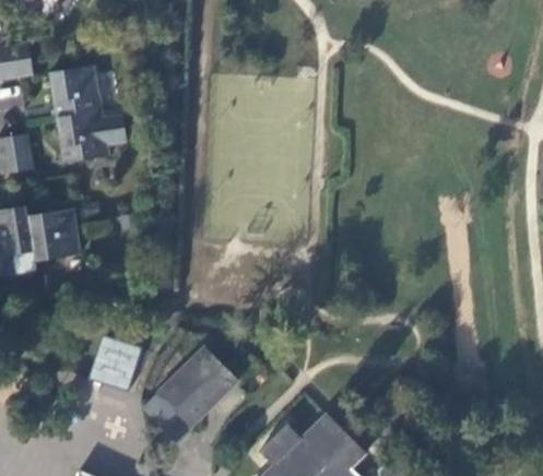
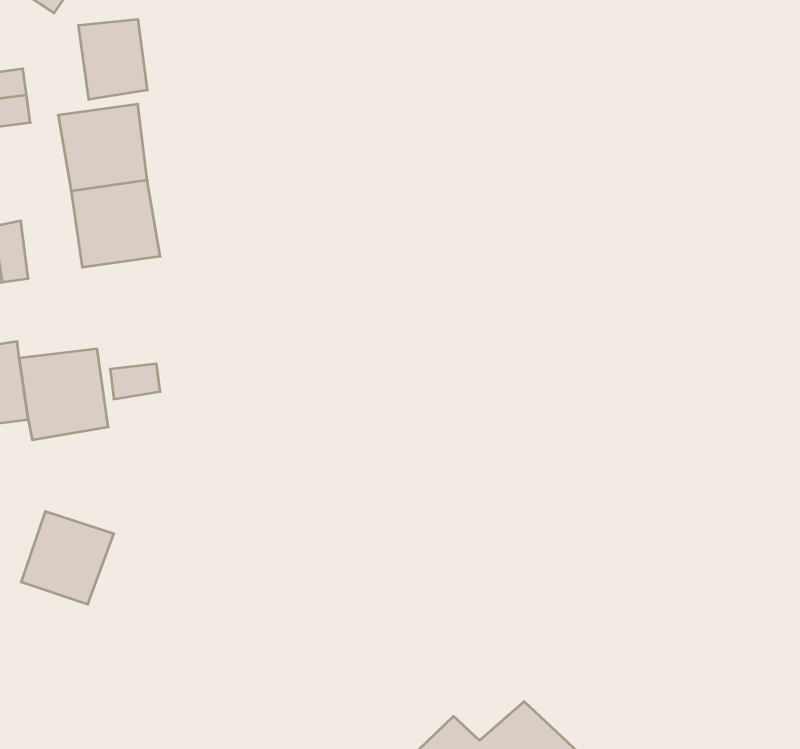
building: none -> [78,19,147,100]
building: [85,334,140,389] -> [21,511,114,604]
building: [157,349,235,426] -> none

